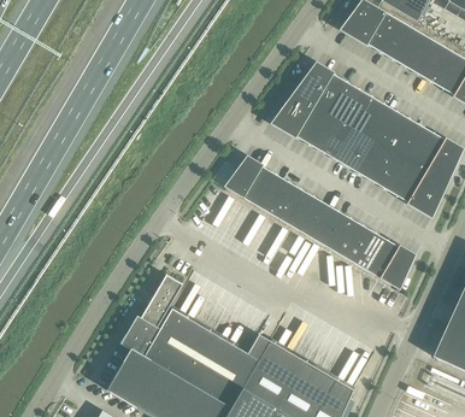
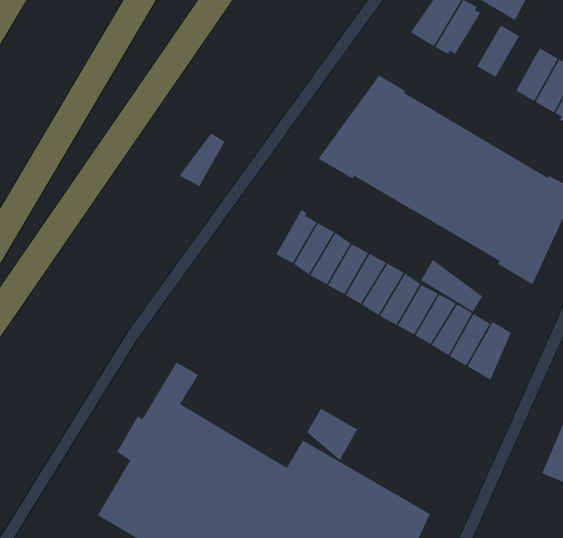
building: [373,17,407,57] -> none
building: [404,34,436,75] -> none
building: [224,155,259,196] -> [179,132,226,187]
building: none -> [420,259,483,313]
building: none -> [306,407,358,461]

